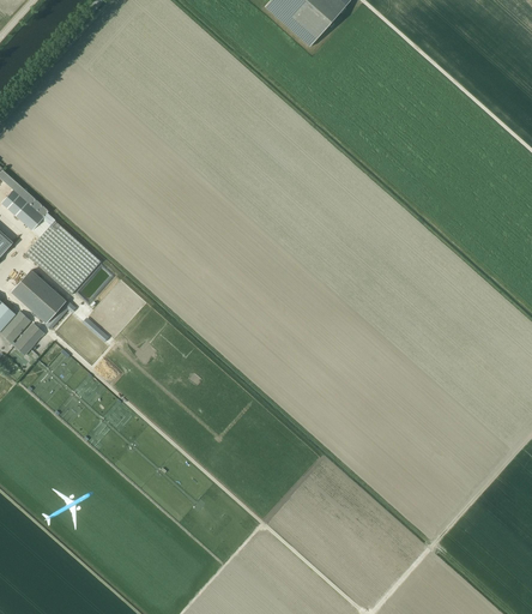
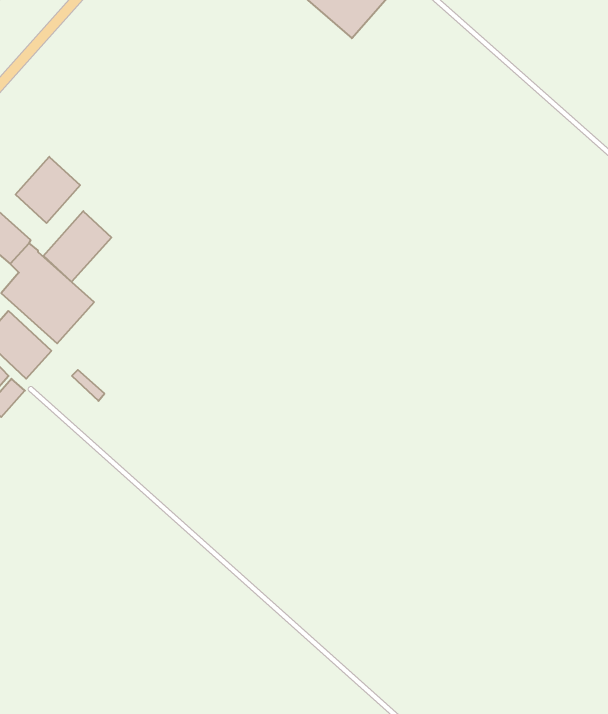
building: none -> [16,157,80,223]
building: none -> [43,211,111,282]

